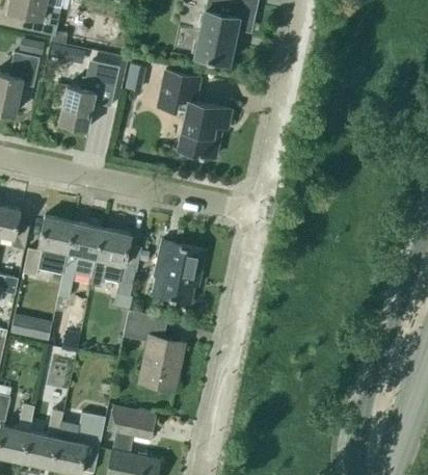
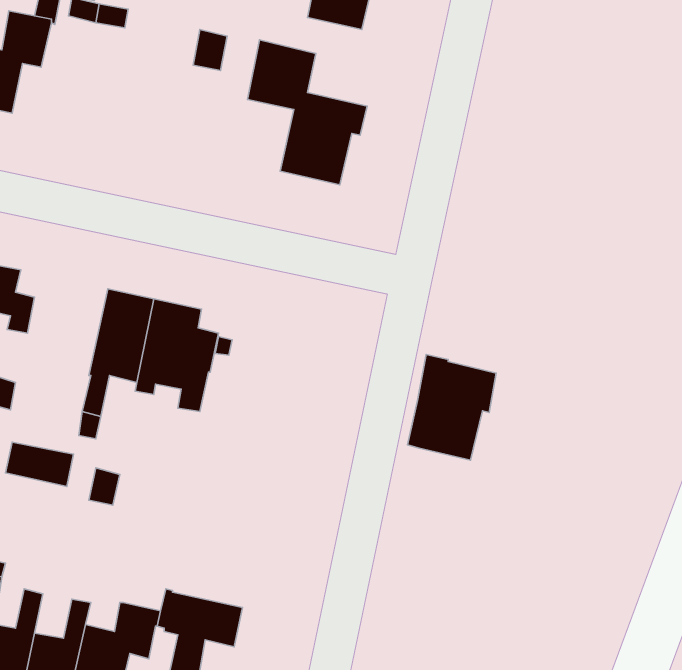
building: [58,60,118,130] -> none
building: [22,215,73,276] -> none
building: [150,239,204,304] -> [407,355,496,460]
building: [122,310,185,391] -> none

